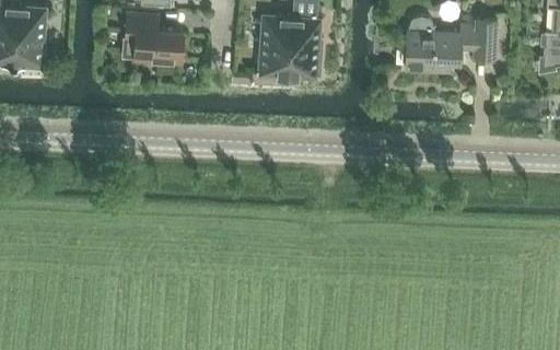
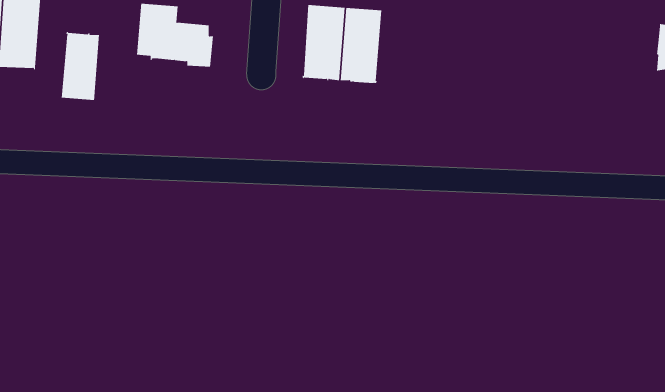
building: [405,15,497,70] -> none
building: none -> [61,31,100,101]

